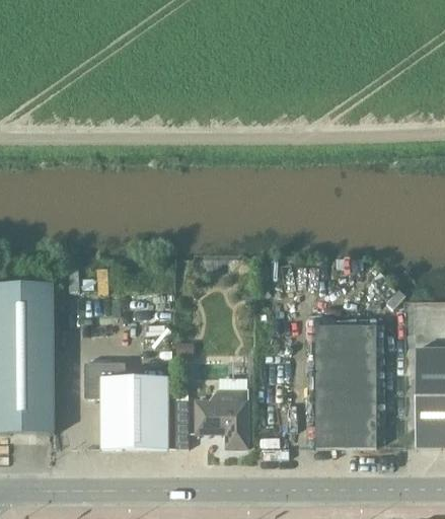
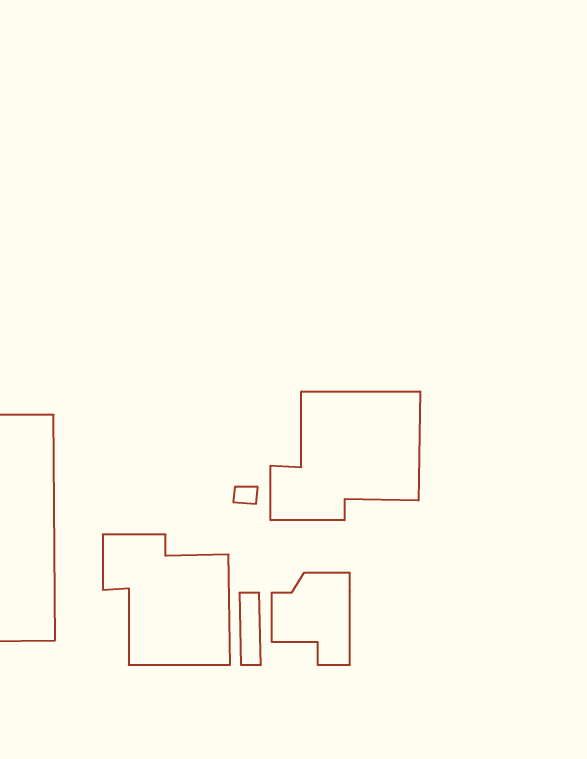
building: none -> [271,391,420,520]
building: [314,325,376,447] -> none

